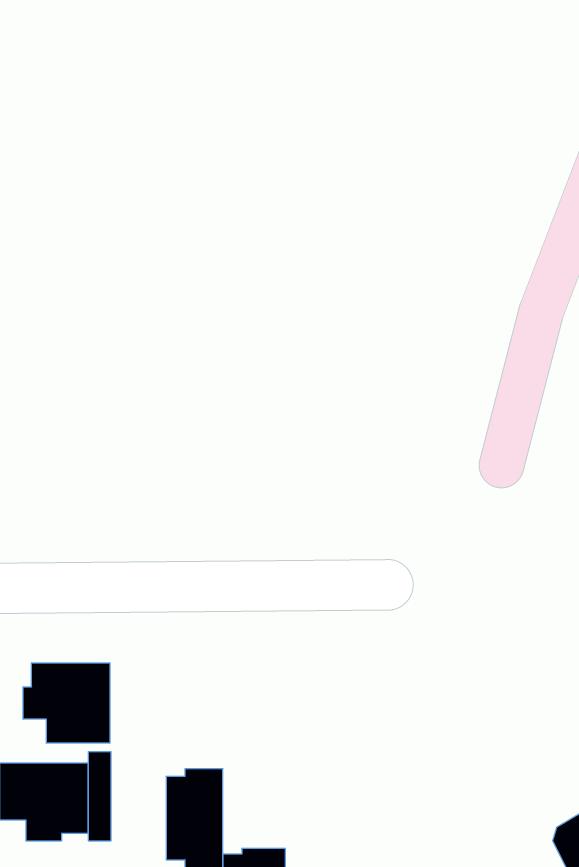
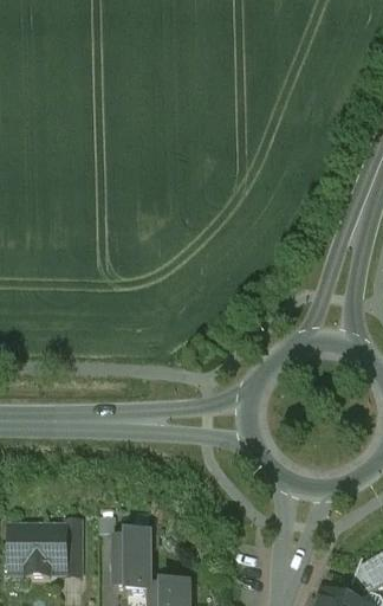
building: [23,663,110,743] -> none

